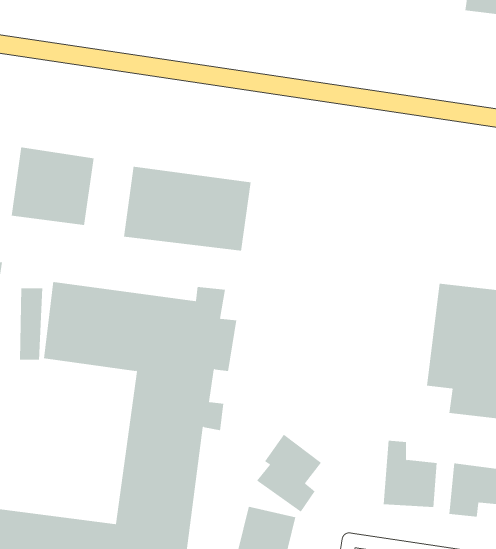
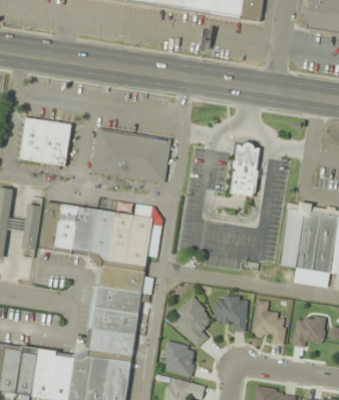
building: none -> [229,142,262,196]
building: none -> [216,296,249,333]

